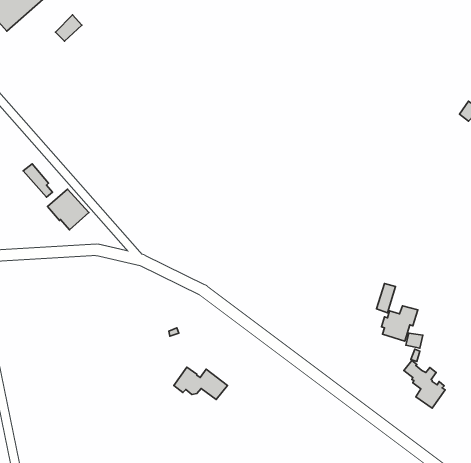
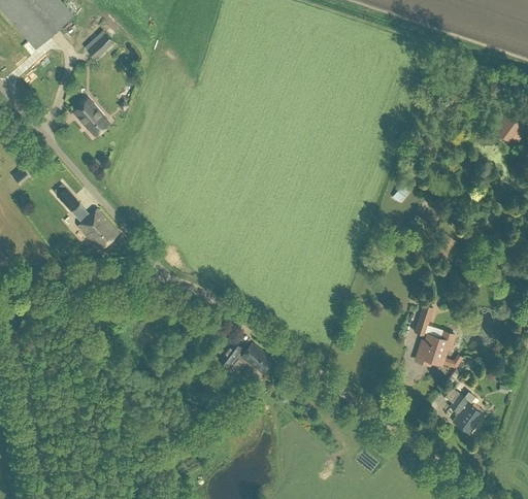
building: none -> [73,96,109,134]
building: [174,367,227,400] -> [219,341,273,374]

